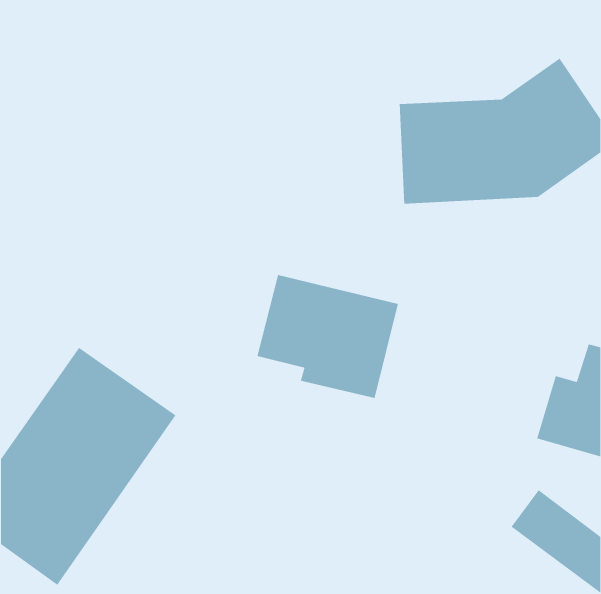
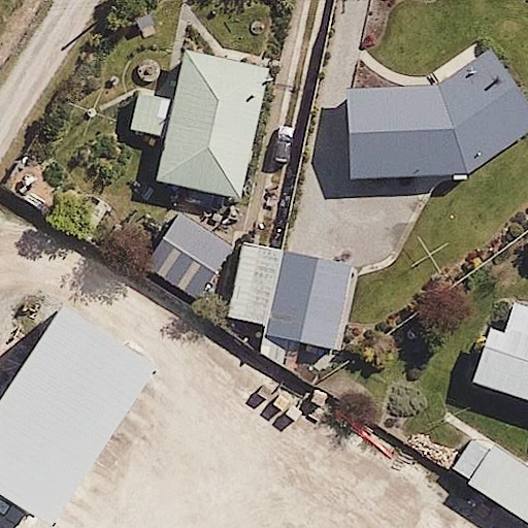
building: none -> [126,52,268,203]
building: none -> [140,210,231,302]

